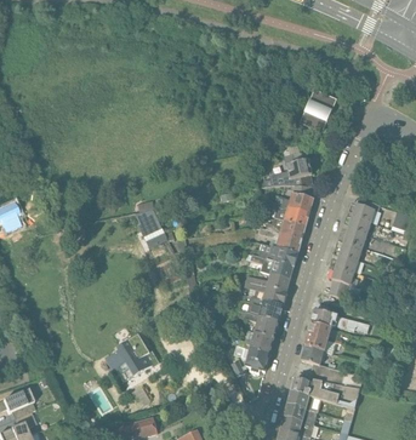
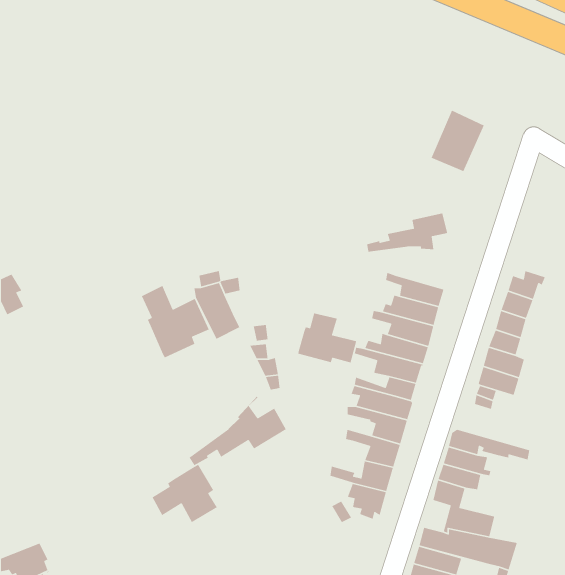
building: [275,184,313,212] -> none
building: none -> [141,285,210,358]
building: none -> [297,312,357,363]
building: none -> [188,396,287,466]

